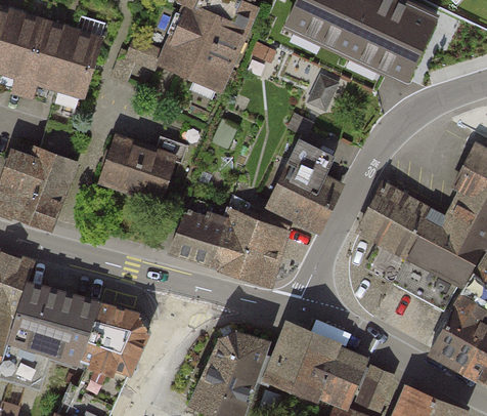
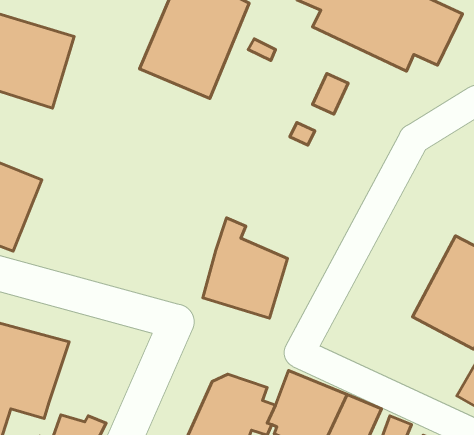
building: [102,136,188,201] -> none
building: [268,139,342,230] -> none
building: [361,185,431,282] -> none
building: [171,200,225,265] -> none
building: [82,303,148,373] -> none

